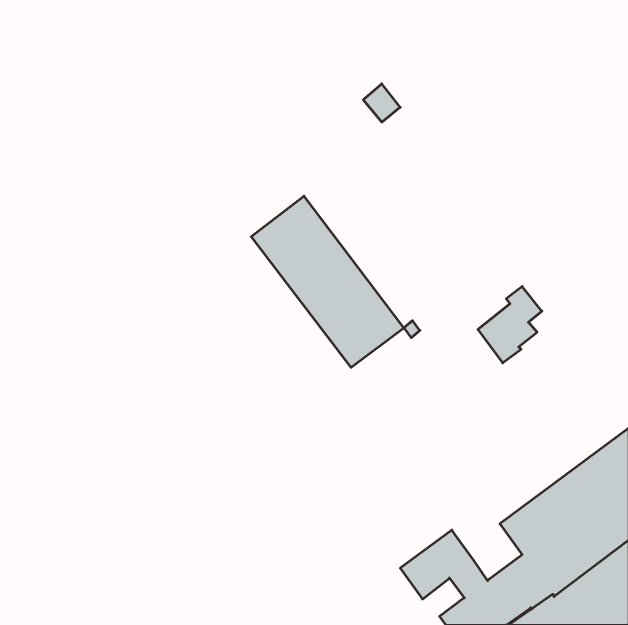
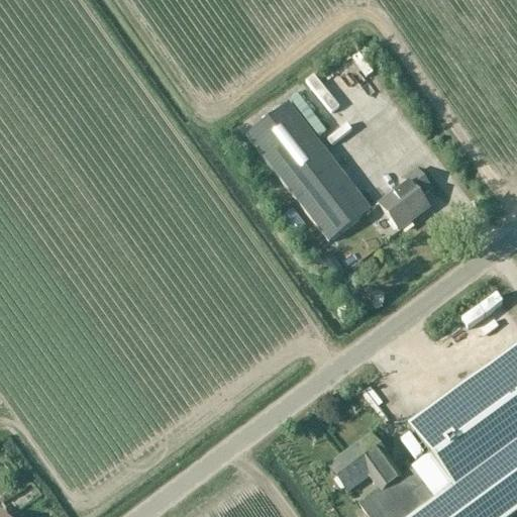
building: [251,196,404,367] -> [247,102,373,242]
building: [478,286,542,363] -> [380,168,432,230]

